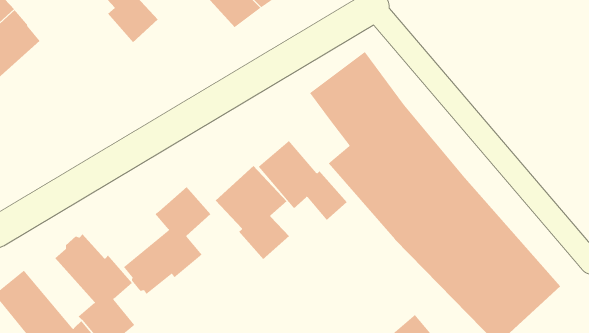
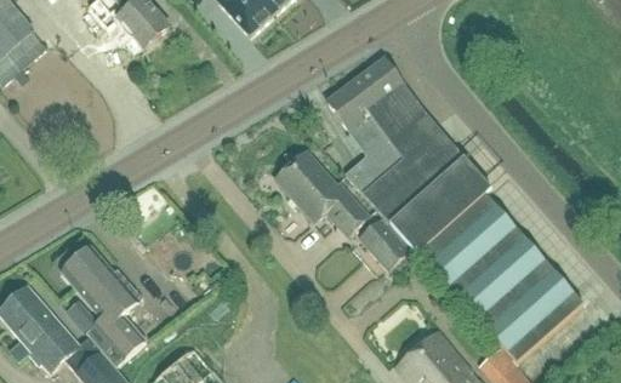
building: [215,165,290,260] -> none
building: [123,186,211,295] -> none
building: none -> [355,216,409,269]

